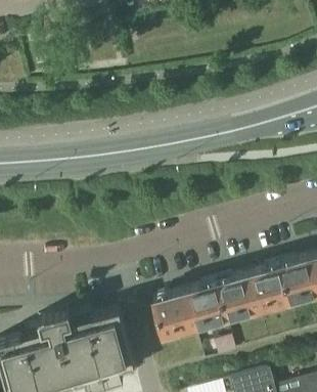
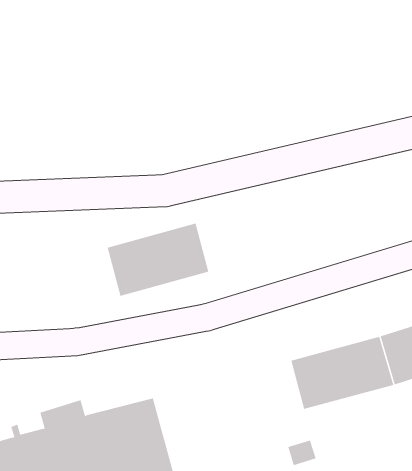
building: [153,280,226,333] -> [107,223,209,296]

